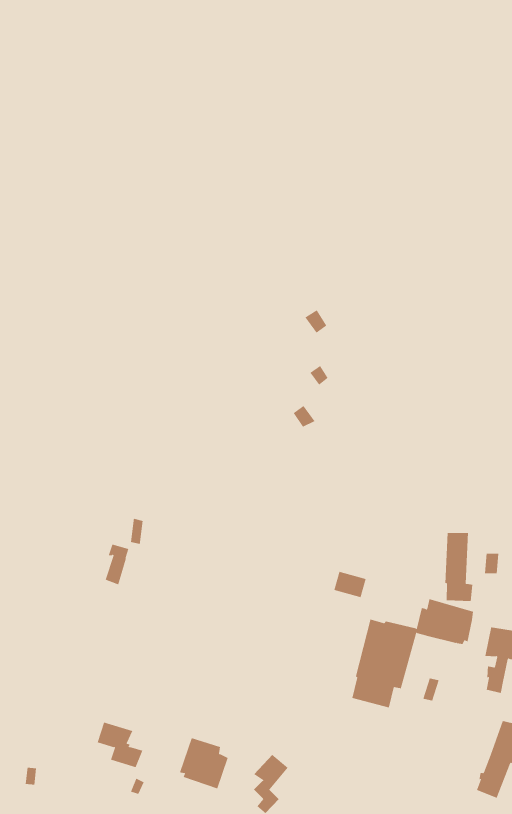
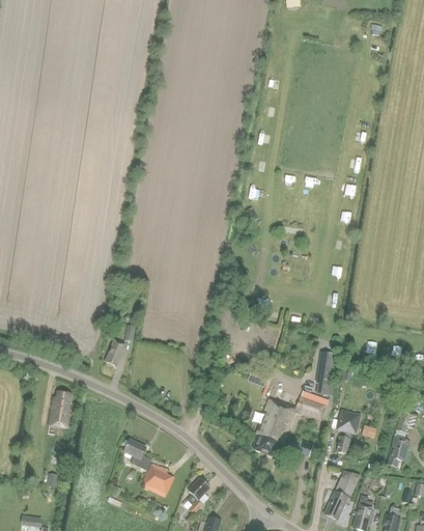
building: none -> [49,392,70,428]
building: [97,722,143,768] -> [123,440,151,470]

